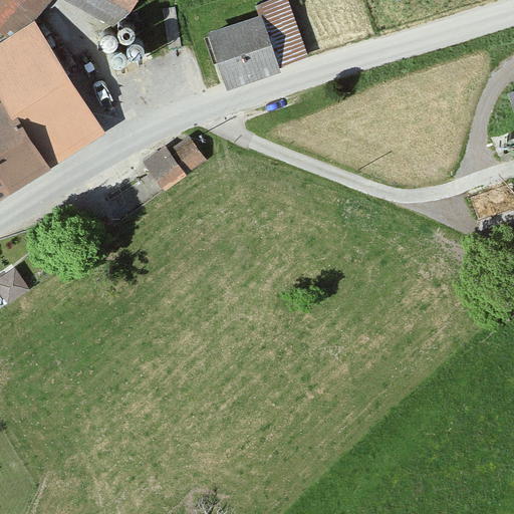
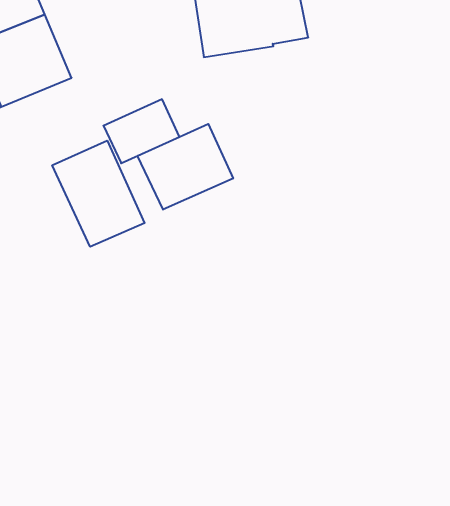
building: none -> [138,124,233,210]
building: none -> [52,141,145,247]

